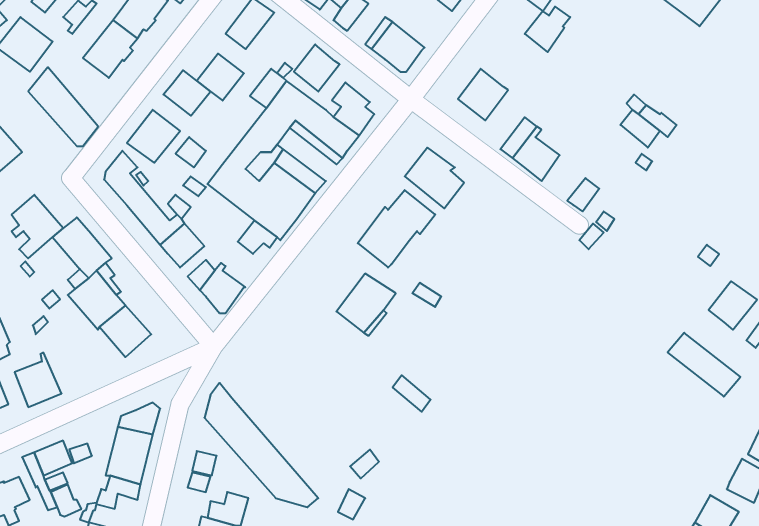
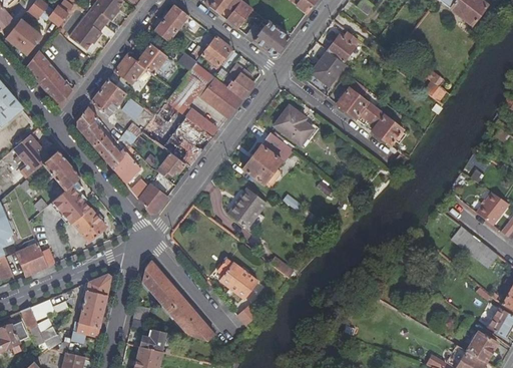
building: [525,7,570,52] -> [325,34,355,64]
building: none -> [365,110,398,139]
building: none -> [219,258,260,297]

